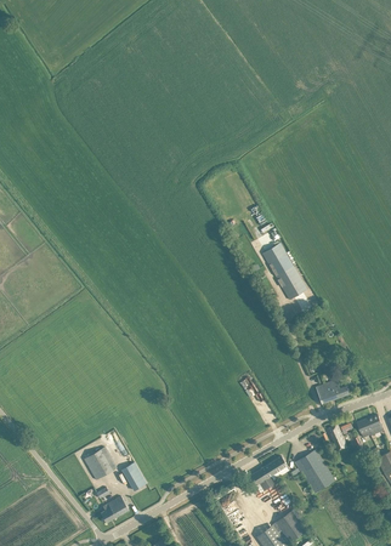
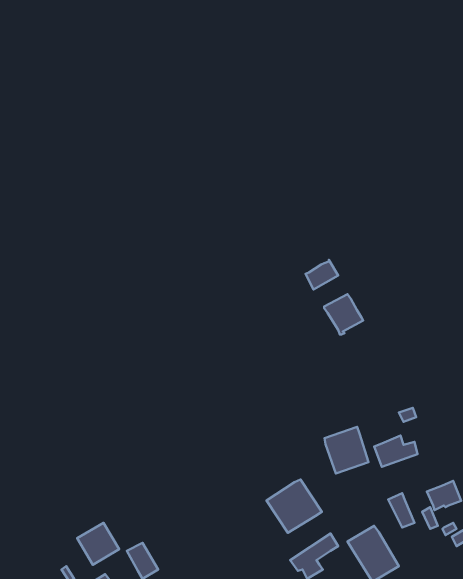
building: none -> [324,427,368,474]
building: none -> [267,480,322,533]

